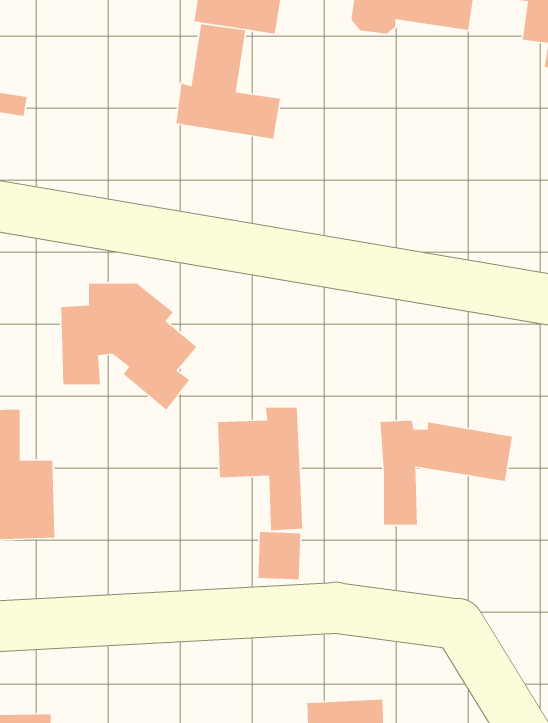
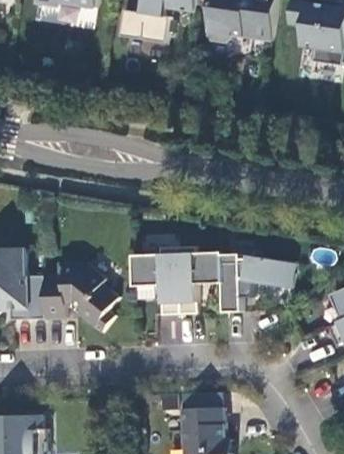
building: [175,24,281,139] -> none
building: [61,283,197,411] -> [41,262,116,332]
building: none -> [175,246,222,314]

